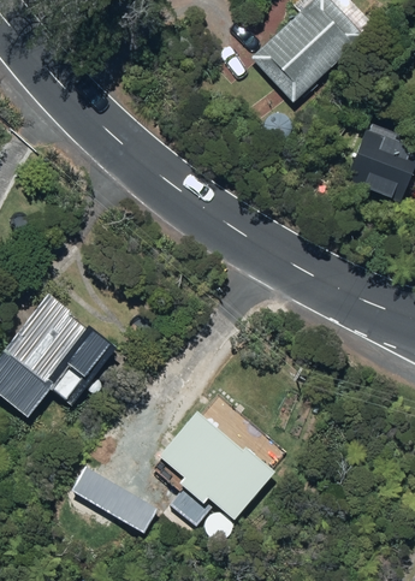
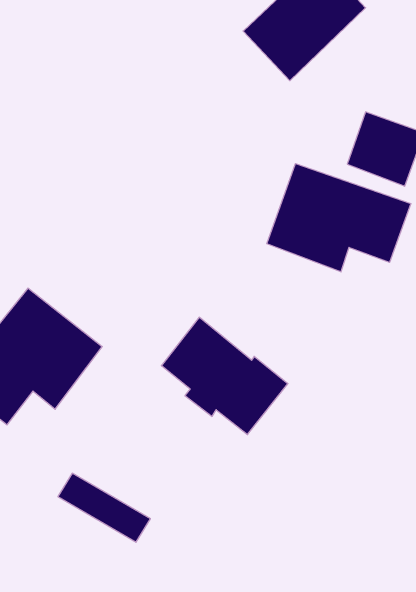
building: none -> [267,164,411,272]
building: [164,411,280,520] -> [161,317,288,435]

